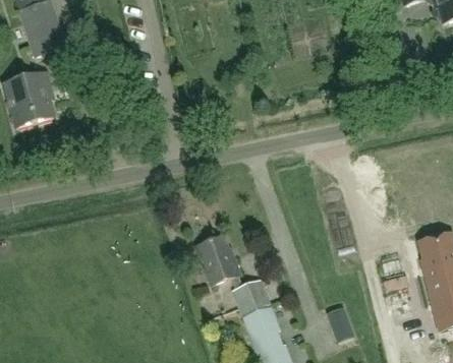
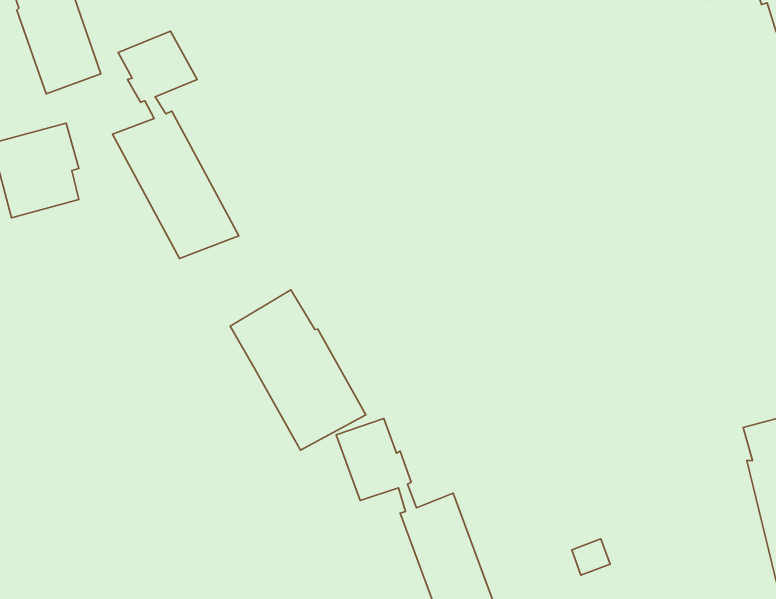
building: none -> [113,31,239,259]
building: none -> [230,290,366,450]

